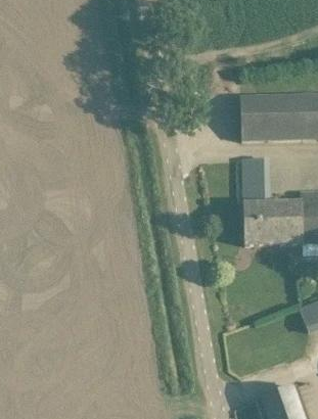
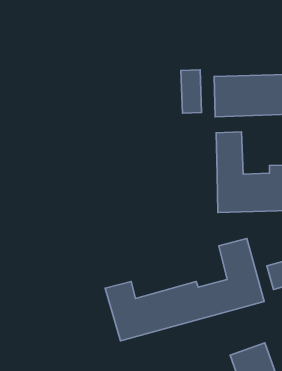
building: none -> [181,70,202,113]
building: none -> [105,238,264,341]

